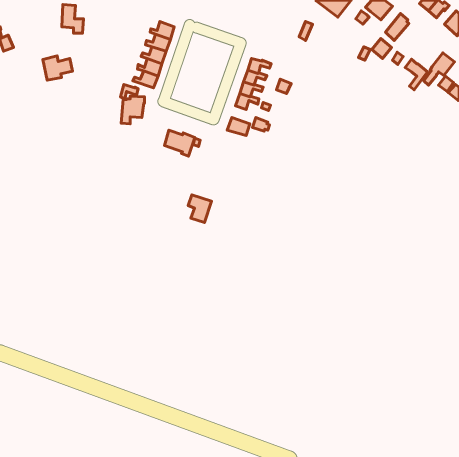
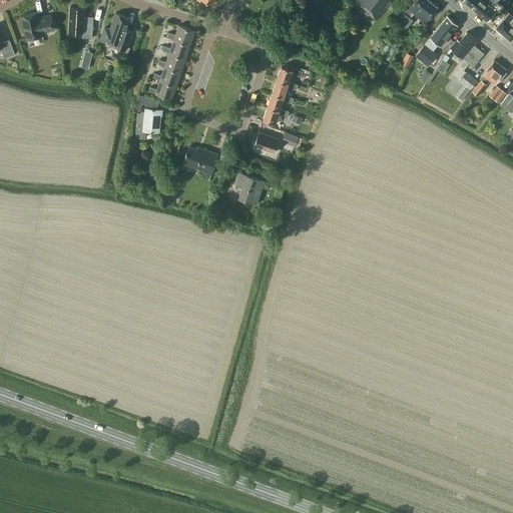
building: none -> [103,14,131,52]
building: none -> [451,34,483,66]
building: [43,56,72,80] -> [21,13,54,40]
building: [188,195,212,223] -> [235,173,262,204]

